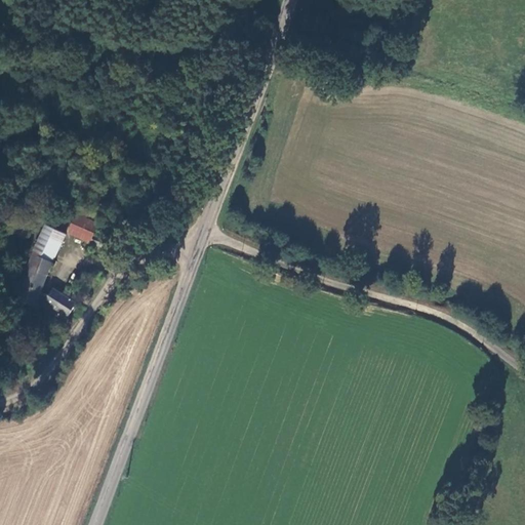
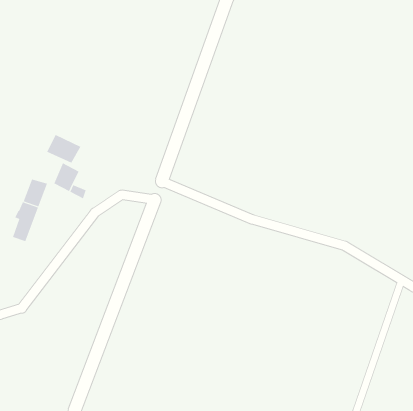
building: none -> [47,134,81,164]
building: [42,290,77,318] -> none

